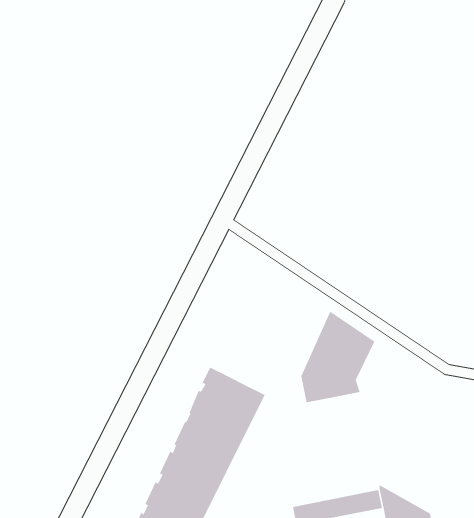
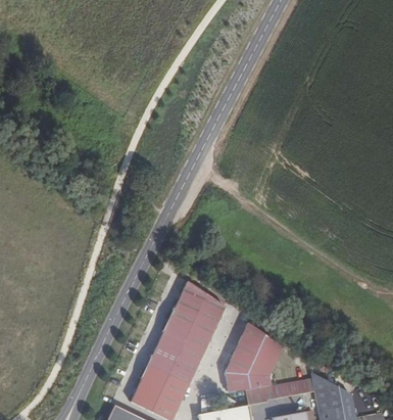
building: [301,311,375,403] -> [223,323,280,393]

